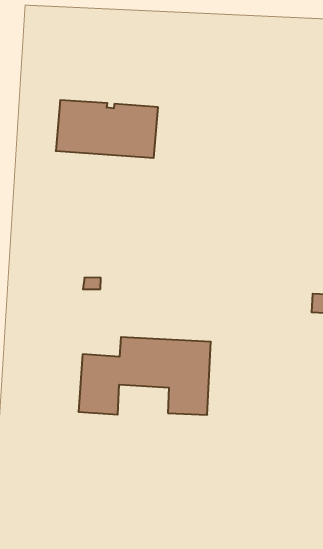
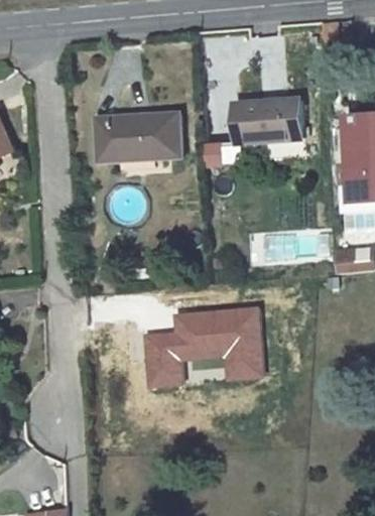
building: none -> [234,98,303,142]

